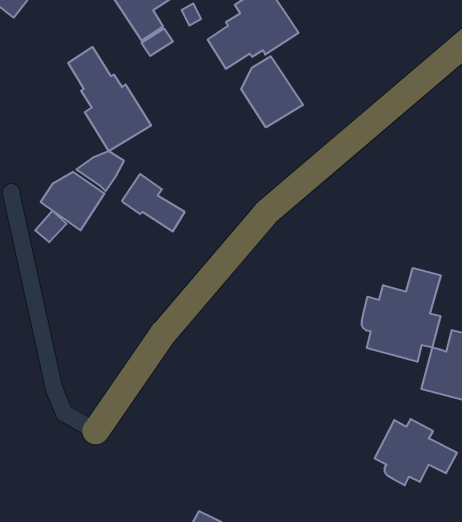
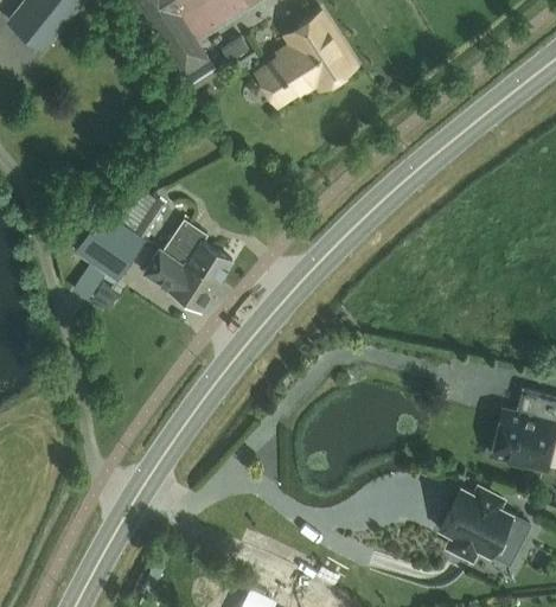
building: [68,47,151,151] -> none
building: [241,56,303,127] -> none
building: none -> [145,249,219,311]
building: [362,268,441,362] -> none

